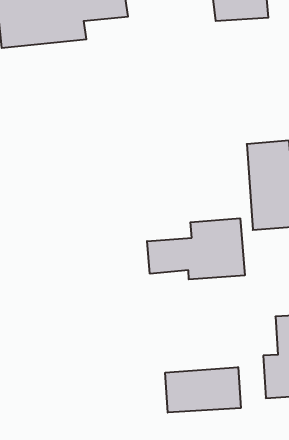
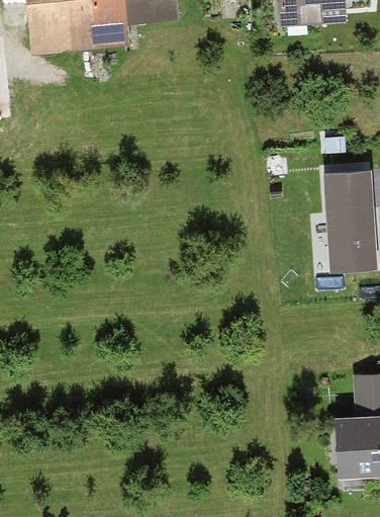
building: [147,218,245,279] -> none
building: [165,367,241,413] -> none

